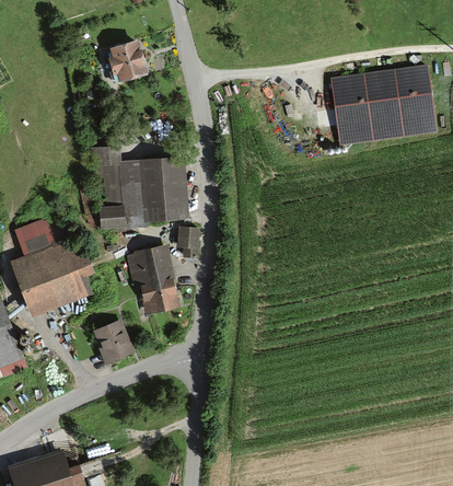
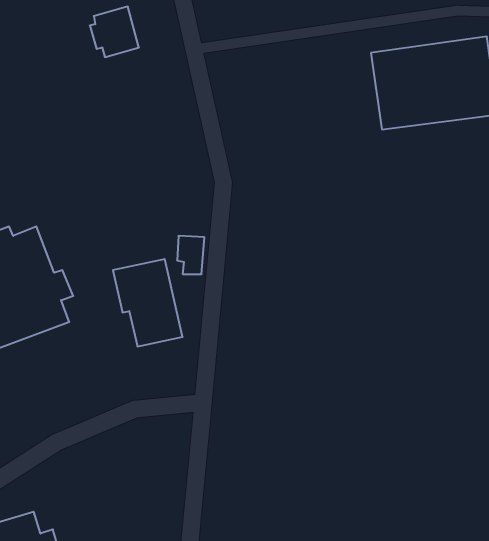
building: [92,147,187,230] -> none
building: [93,319,135,362] -> none

